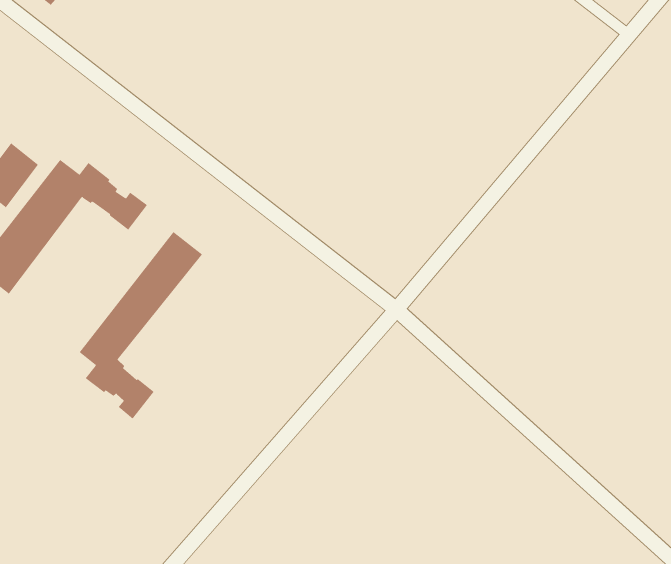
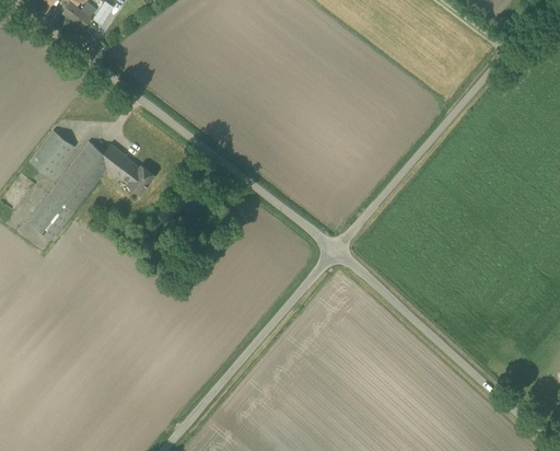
building: [79,231,203,419] -> none

